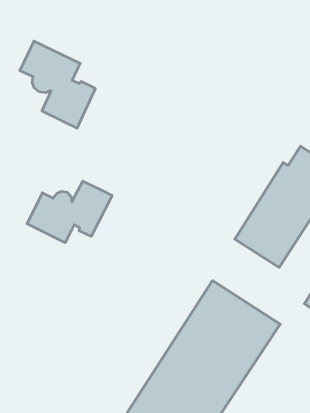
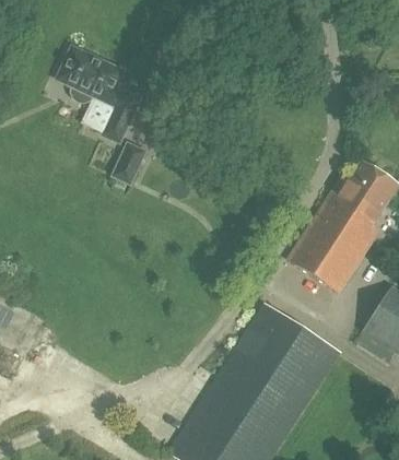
building: none -> [114,141,144,179]
building: [27,181,112,243] -> none

